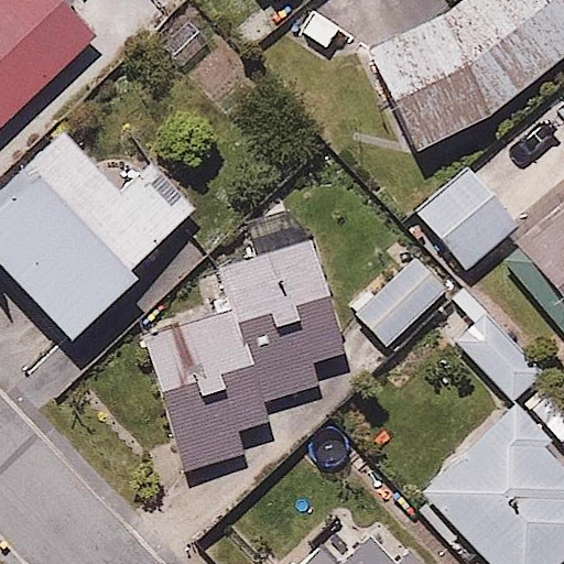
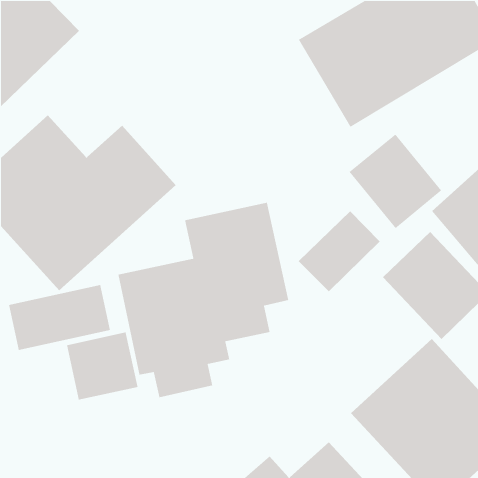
building: none -> [8,284,111,351]
building: none -> [66,332,138,401]

